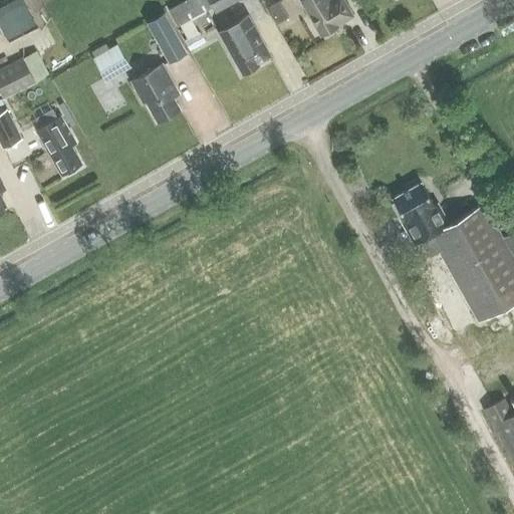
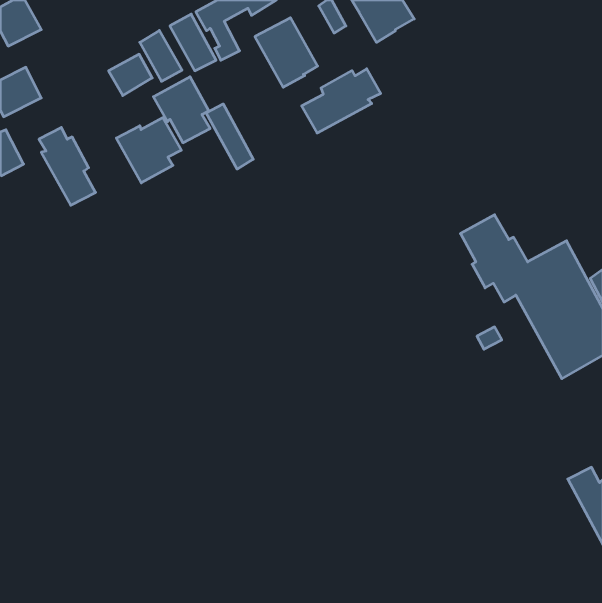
building: none -> [140,30,182,81]
building: none -> [302,69,381,133]
building: none -> [206,104,253,169]
building: none -> [116,118,181,183]

